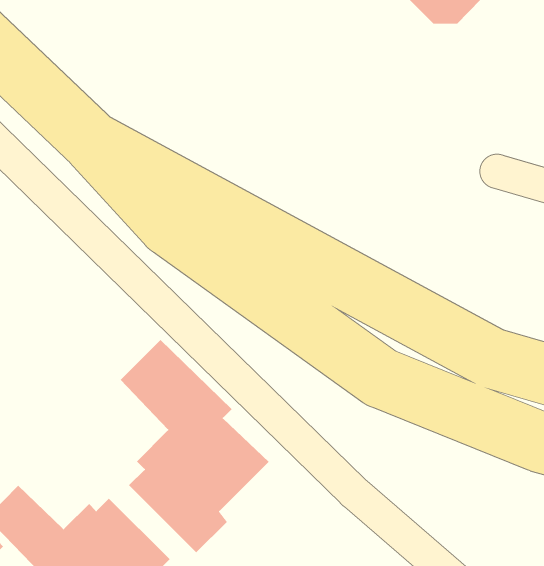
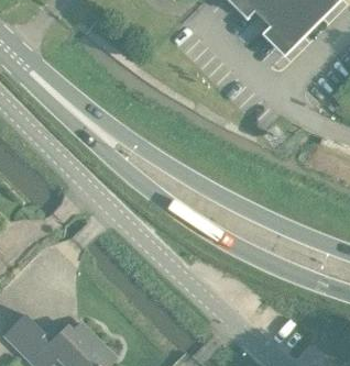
building: [120,339,270,553] -> none

